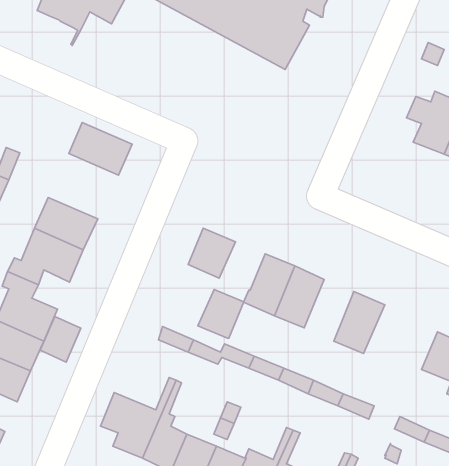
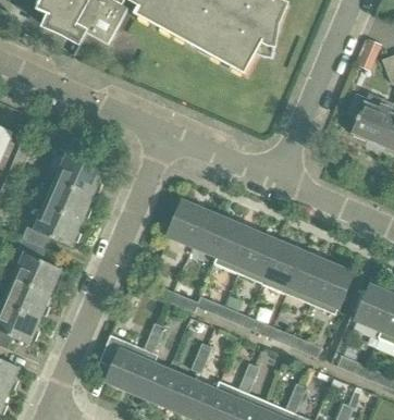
building: [69,123,132,175] -> [56,152,107,195]
building: none -> [262,244,303,294]
building: [198,290,244,338] -> [194,213,231,252]
building: none -> [310,264,352,313]
building: [40,316,81,362] -> none

